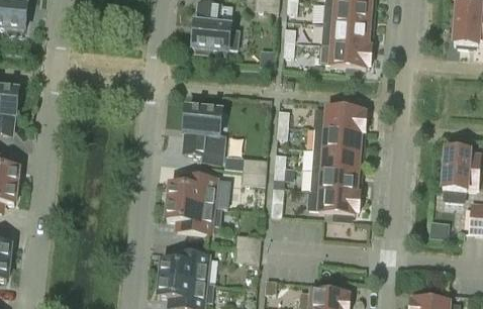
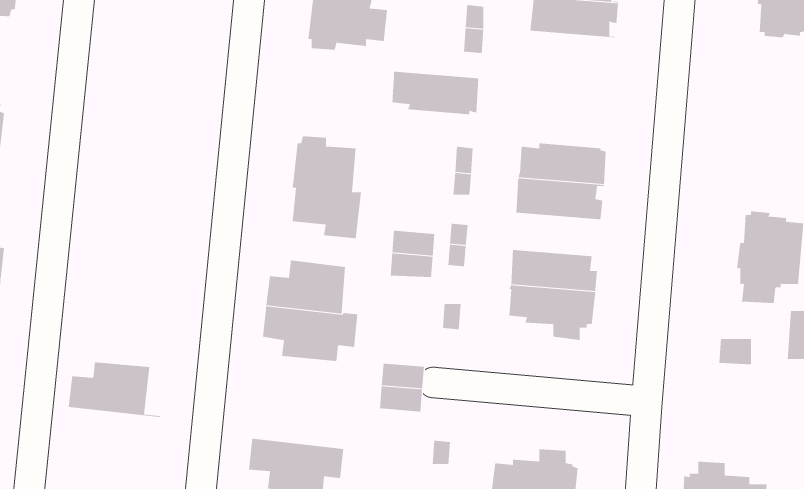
building: [320,41,371,67] -> [392,71,479,115]
building: [311,146,363,172] -> none
building: [161,250,214,283] -> [68,362,161,418]

